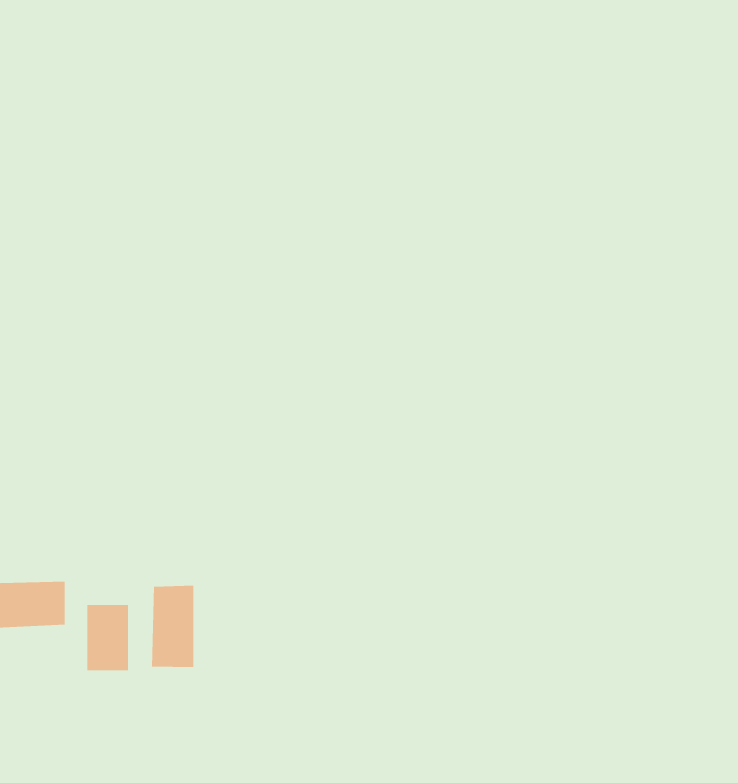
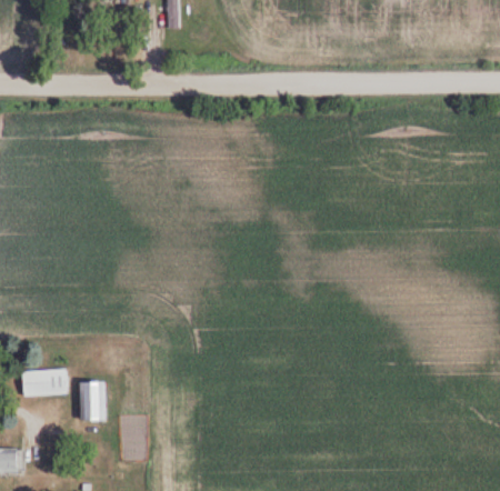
building: [151,585,194,668] -> none

